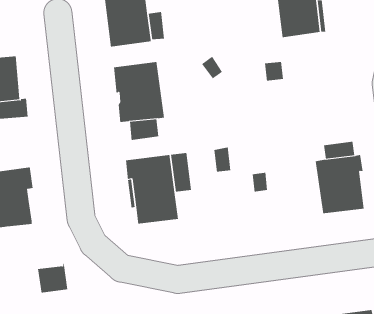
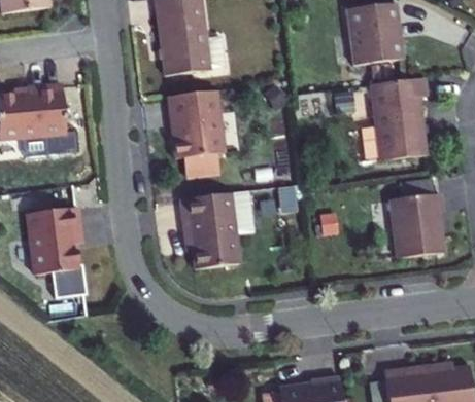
building: none -> [371,77,427,160]
building: [37,263,68,293] -> [52,265,86,298]

